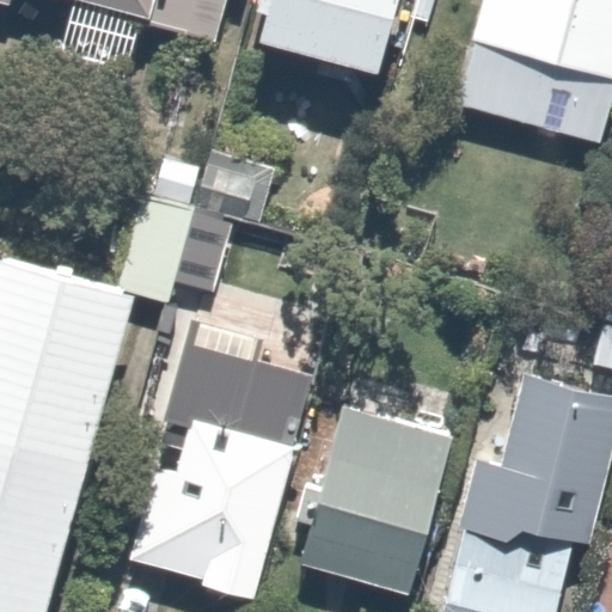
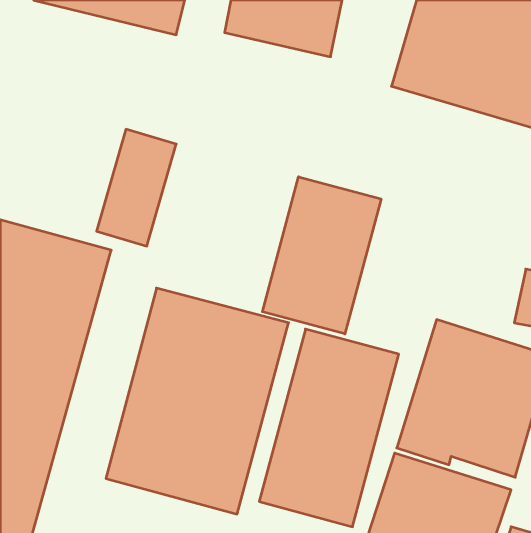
building: none -> [262,177,381,334]

